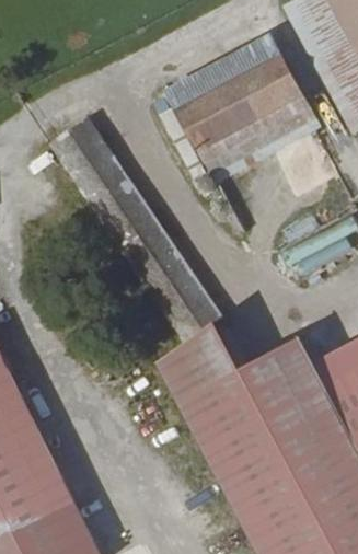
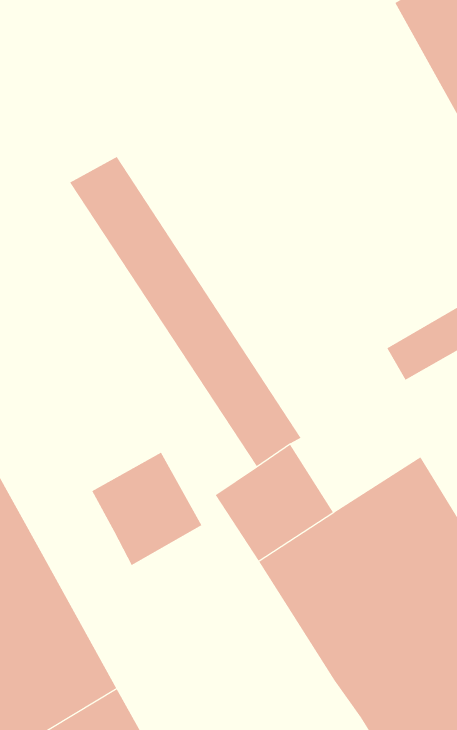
building: [153,36,311,187] -> none
building: none -> [91,452,202,566]

